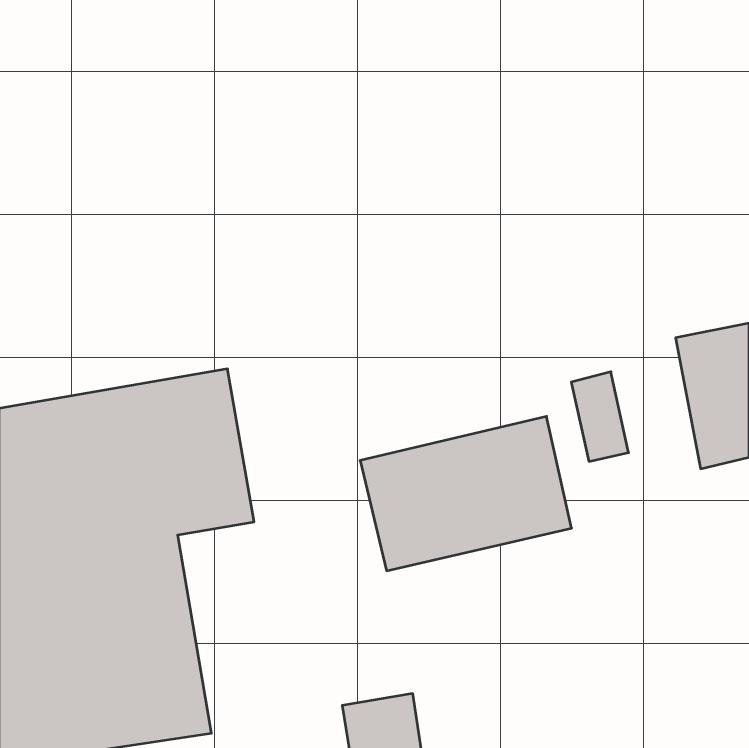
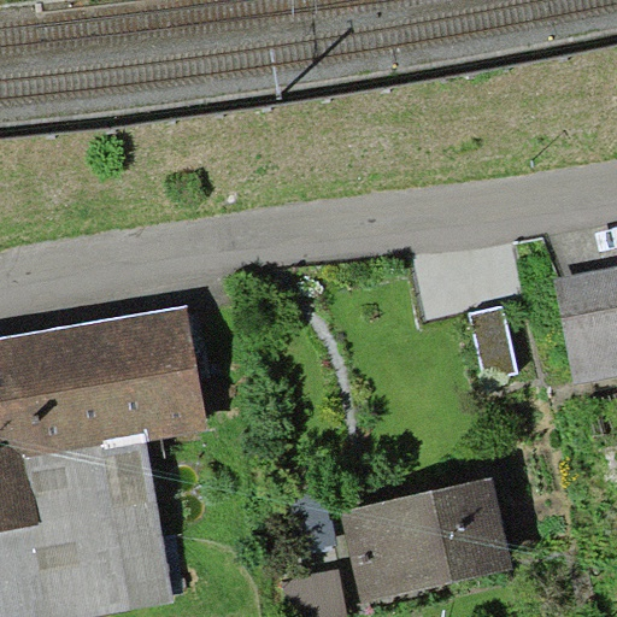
building: [360,416,572,571] -> [339,477,512,604]

